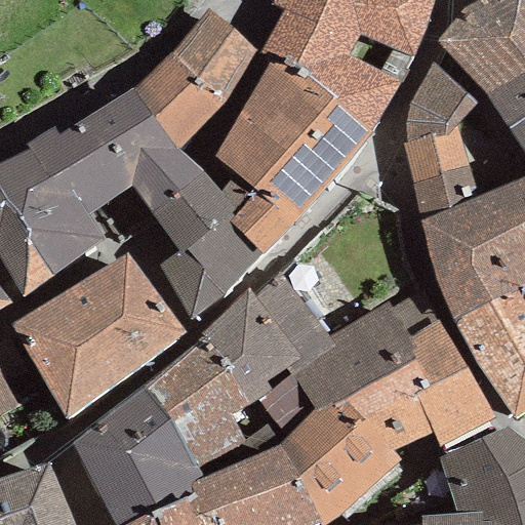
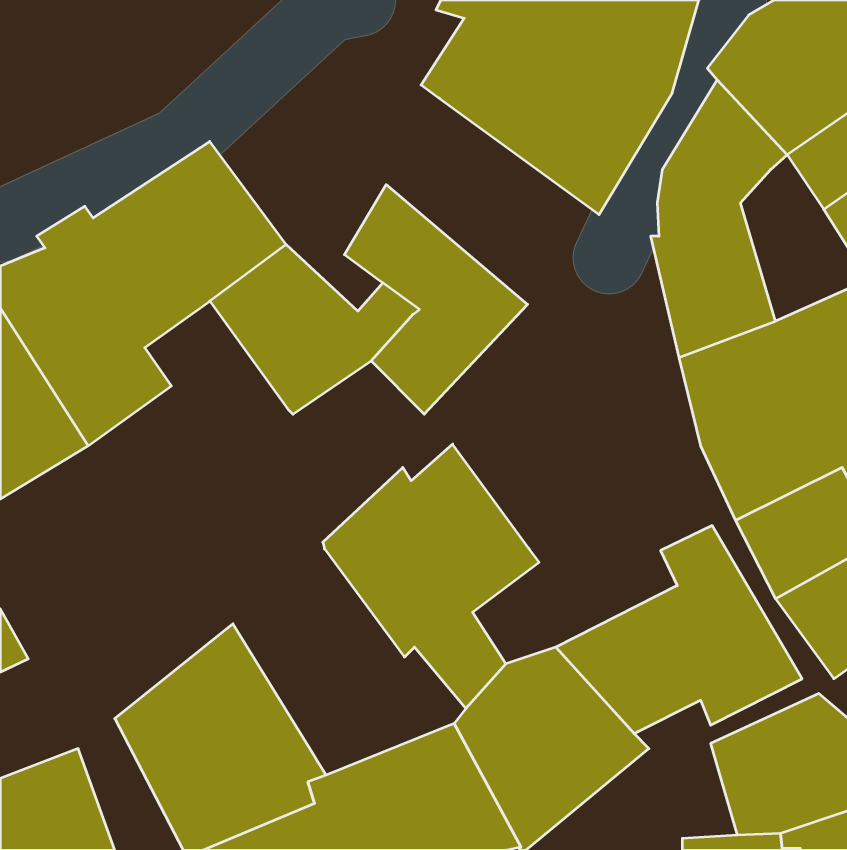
building: [131,9,257,151] -> none
building: [240,60,371,188] -> none
building: [159,223,264,321] -> none
building: [12,255,186,422] -> none
building: [293,290,441,409] -> none
building: [146,338,251,470] -> none

